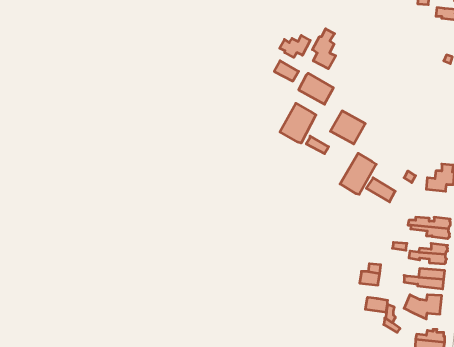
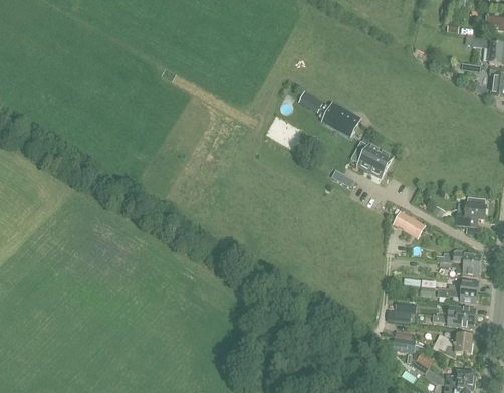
building: [312,29,336,69] -> none
building: [280,35,310,57] -> none
building: [280,103,316,143] -> none
building: [340,153,376,194] -> none

